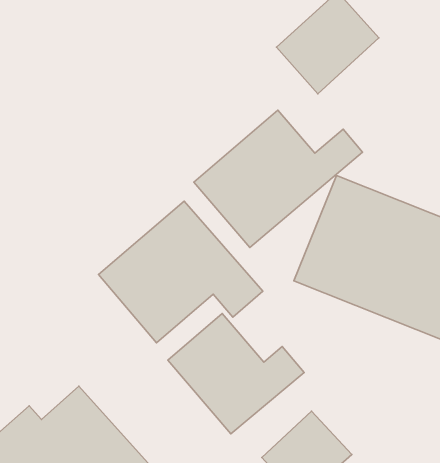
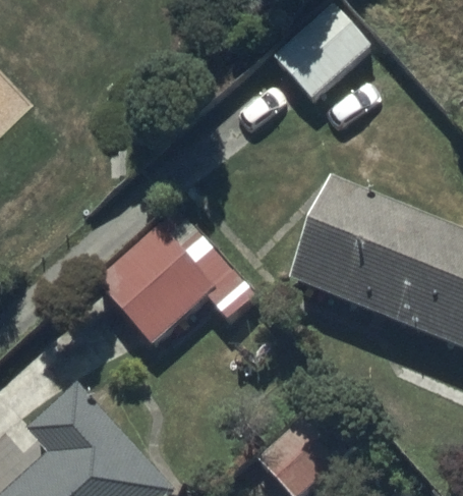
building: [194,110,363,247] -> none
building: [168,313,304,434] -> none

